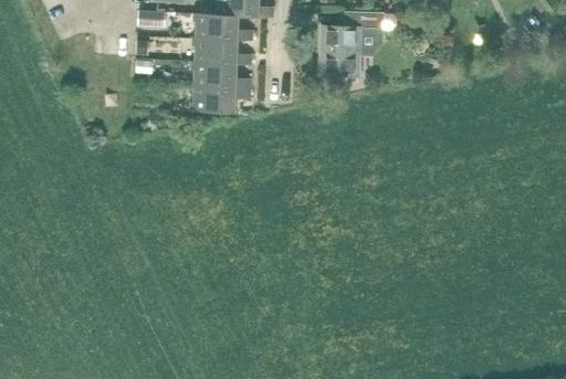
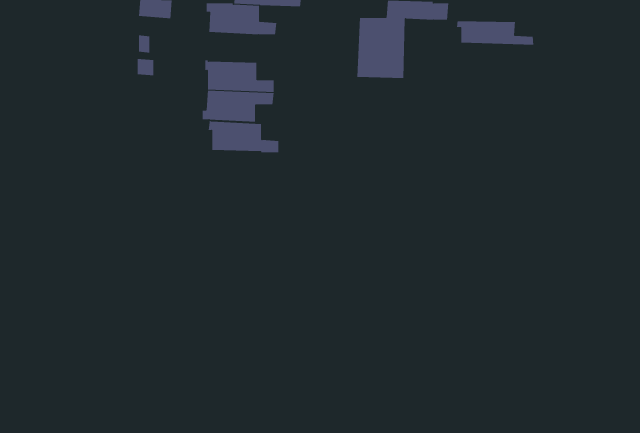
building: none -> [456,20,534,45]
building: [192,36,252,64] -> [208,120,279,153]

